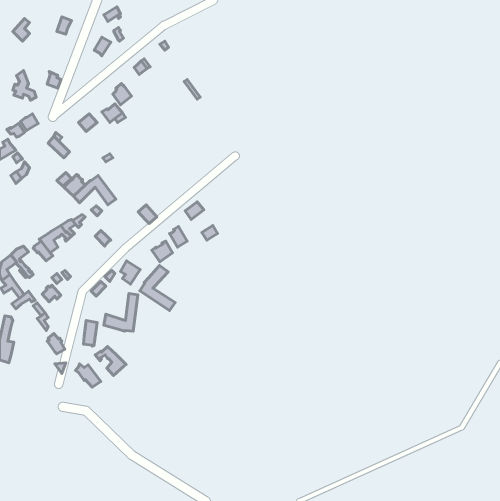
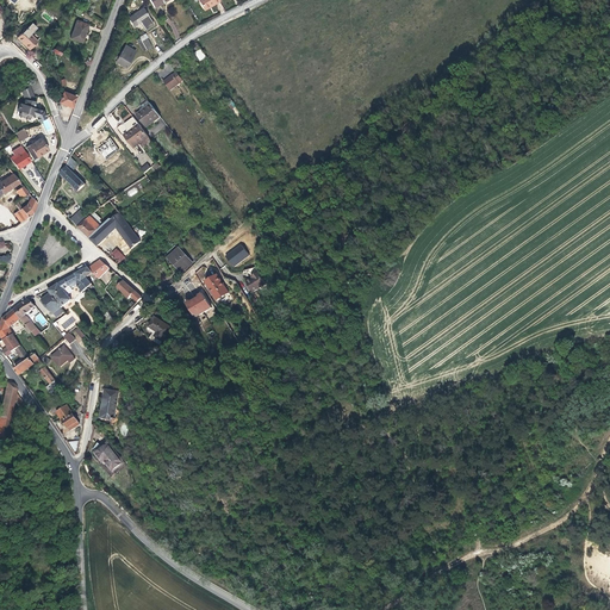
building: [140,265,175,311] -> none
building: [104,294,138,331] -> none
building: [95,347,126,376] -> none

